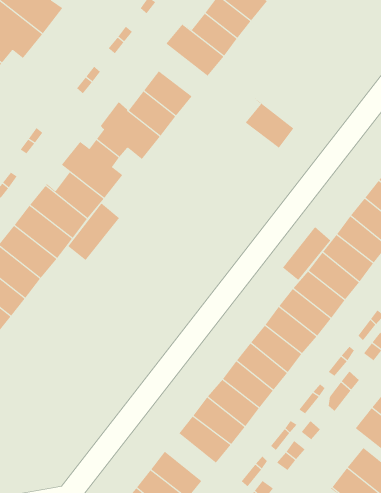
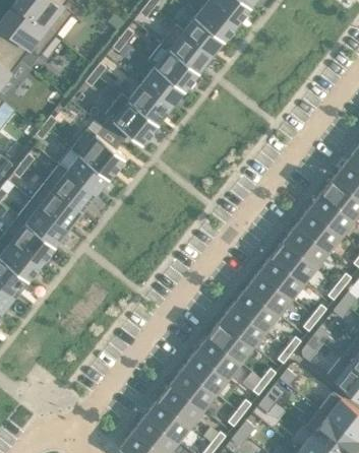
building: [245,96,294,149] -> [155,45,197,90]
building: [67,202,120,261] -> none
building: [282,226,331,281] -> none
building: none -> [160,381,204,423]

